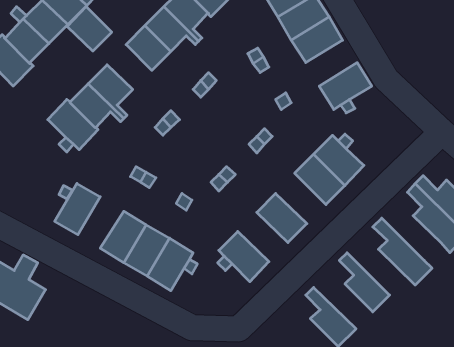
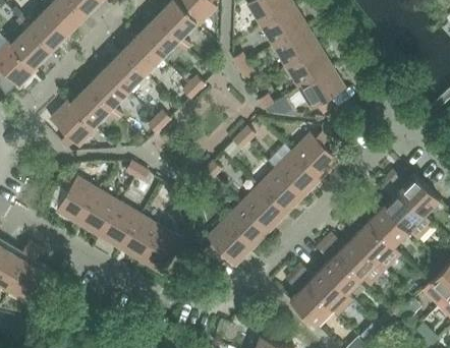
building: [67,6,112,51] -> [105,50,146,91]
building: none -> [286,46,333,88]
building: none -> [259,167,304,213]
building: none -> [78,188,120,235]
building: none -> [355,200,409,246]
building: none -> [224,202,270,247]
building: none -> [324,232,386,285]
building: none -> [293,263,353,314]

